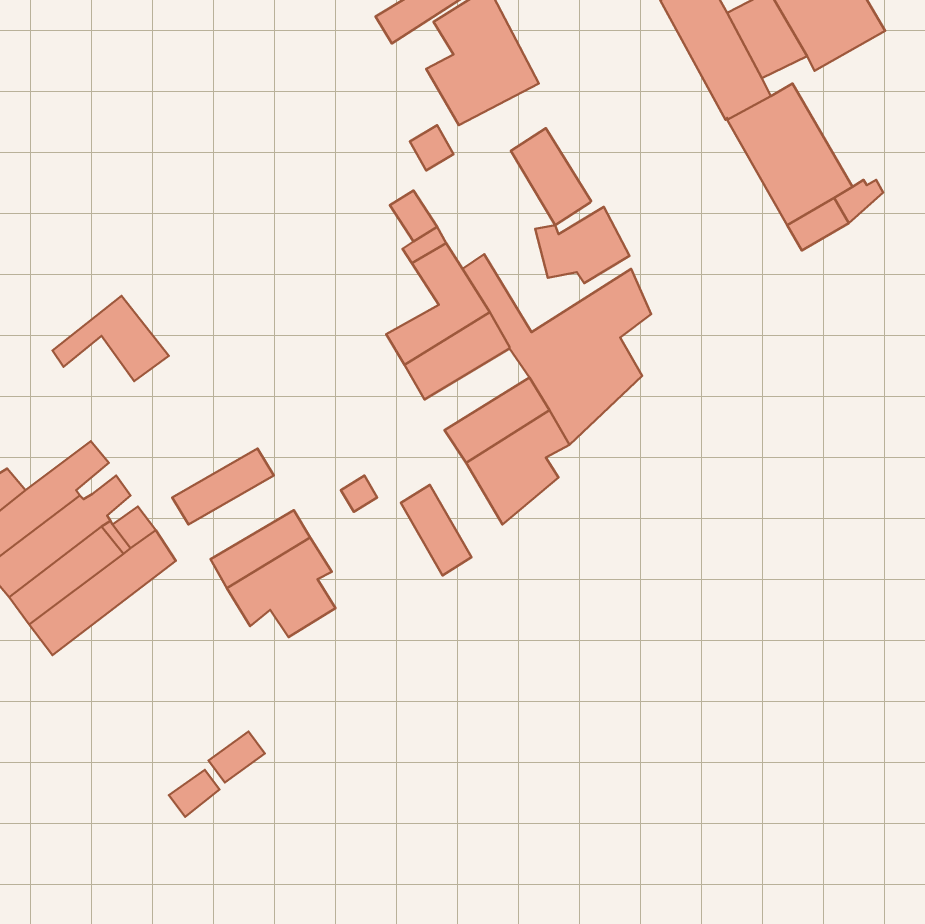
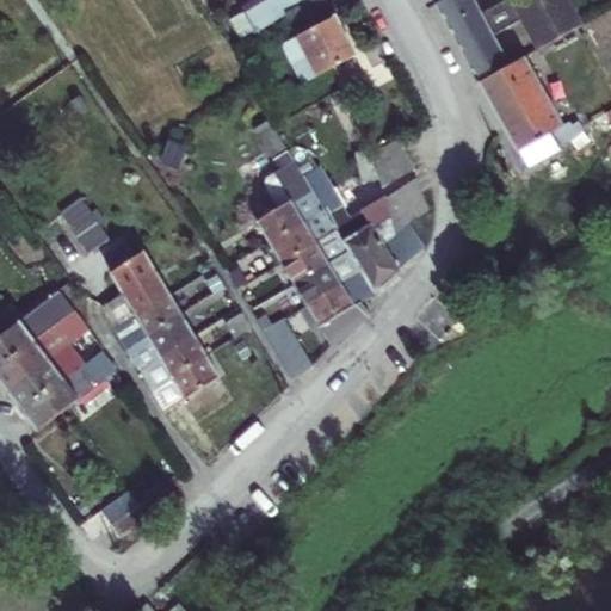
building: [511,128,591,225] -> none
building: none -> [279,229,348,283]
building: none -> [100,251,169,327]
building: none -> [124,313,193,368]

